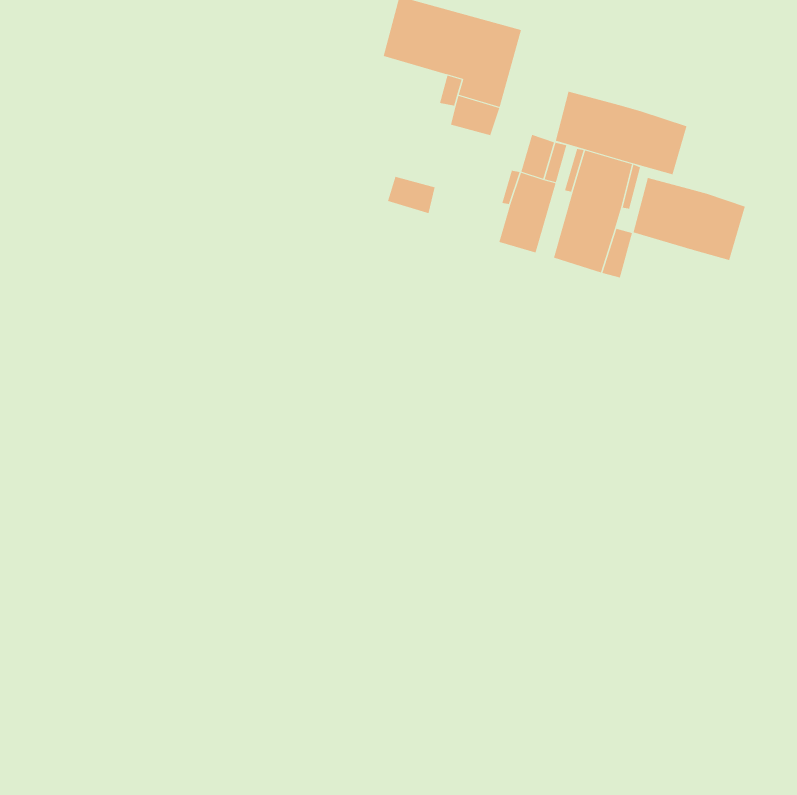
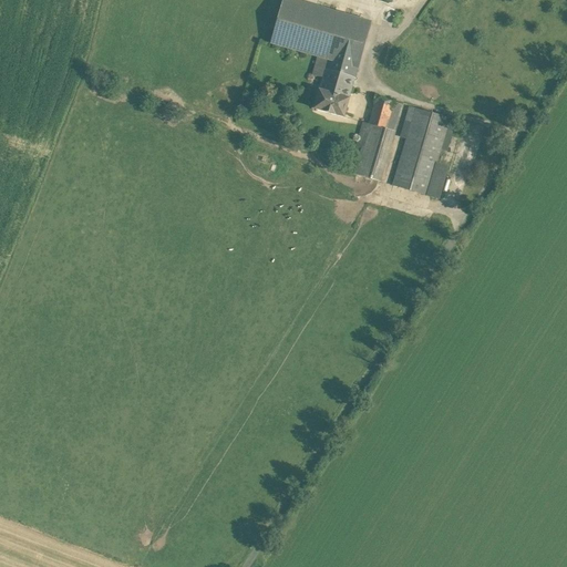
building: [555,91,687,175] -> none
building: [387,176,436,214] -> [313,89,348,115]
building: [633,177,745,261] -> none

